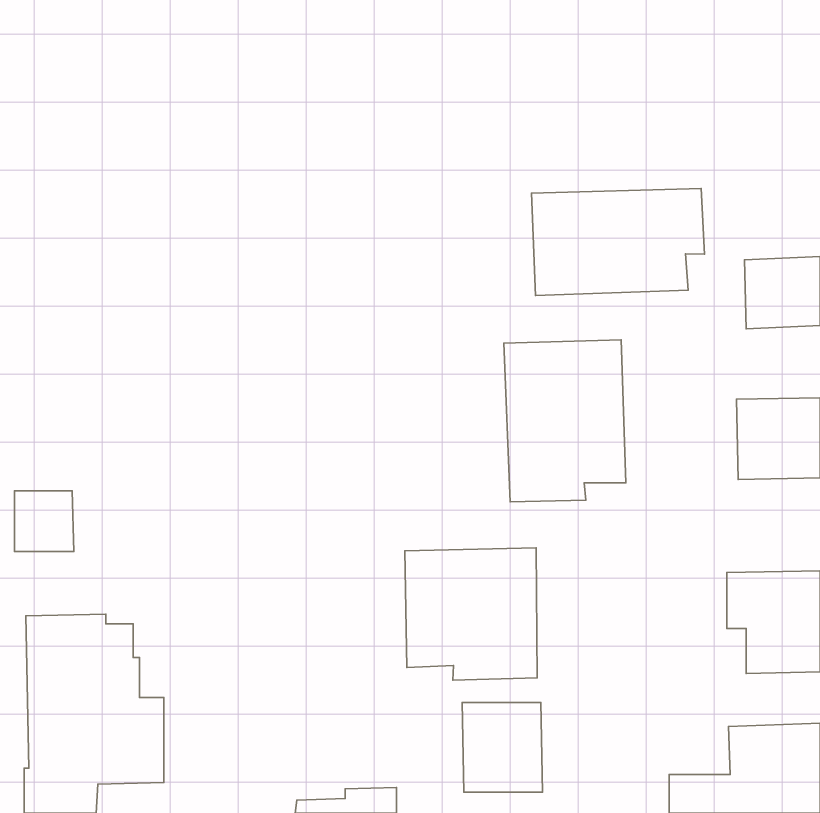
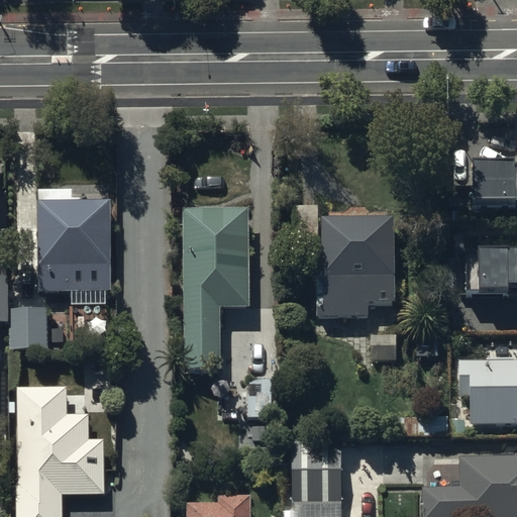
building: [531,188,705,295] -> none
building: none -> [37,200,111,292]
building: none -> [184,210,247,370]
building: [405,548,537,680] -> none

